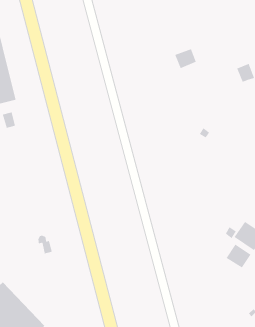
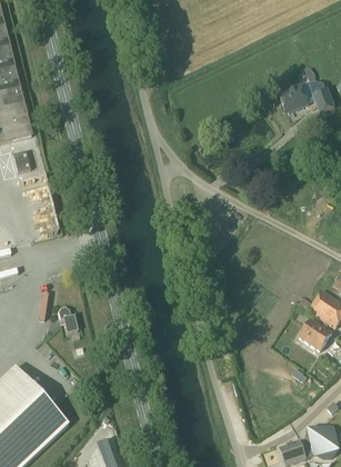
building: [174,48,197,69] -> [278,85,307,111]

